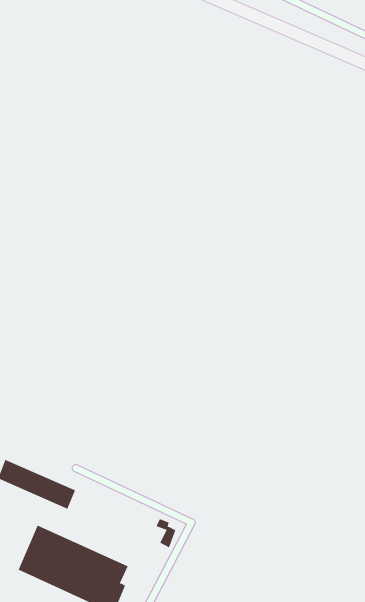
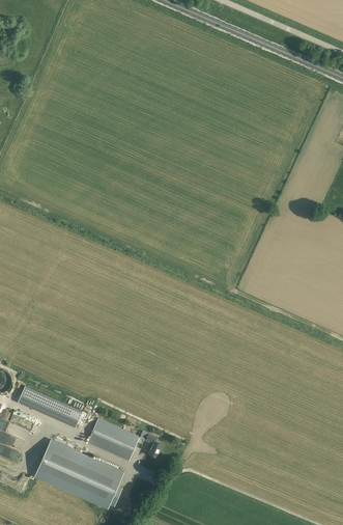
building: none -> [88,419,140,461]

